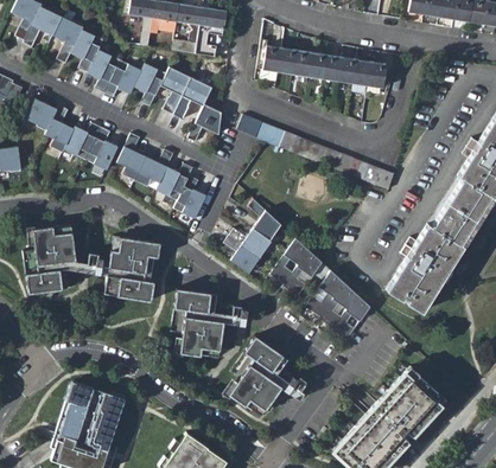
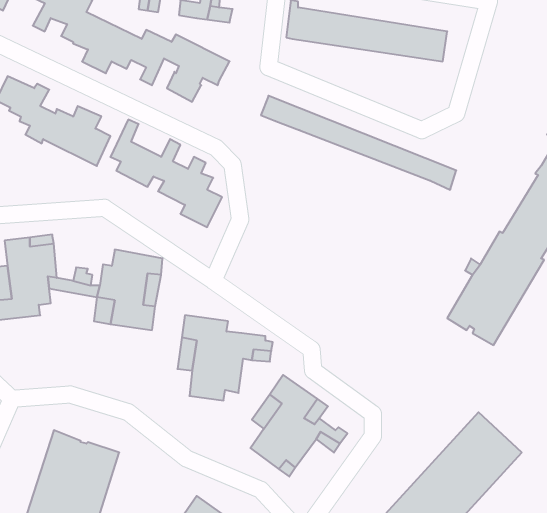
building: [189,103,222,142] -> none
building: [224,198,284,273] -> none
building: [272,237,371,341] -> none

